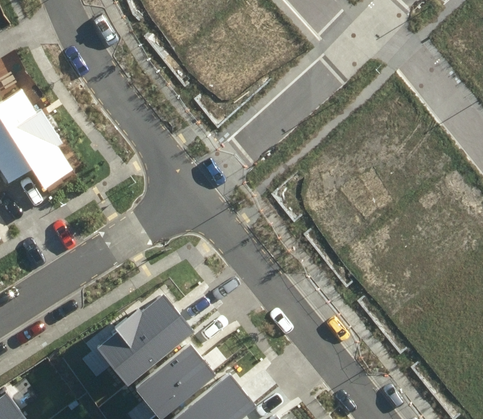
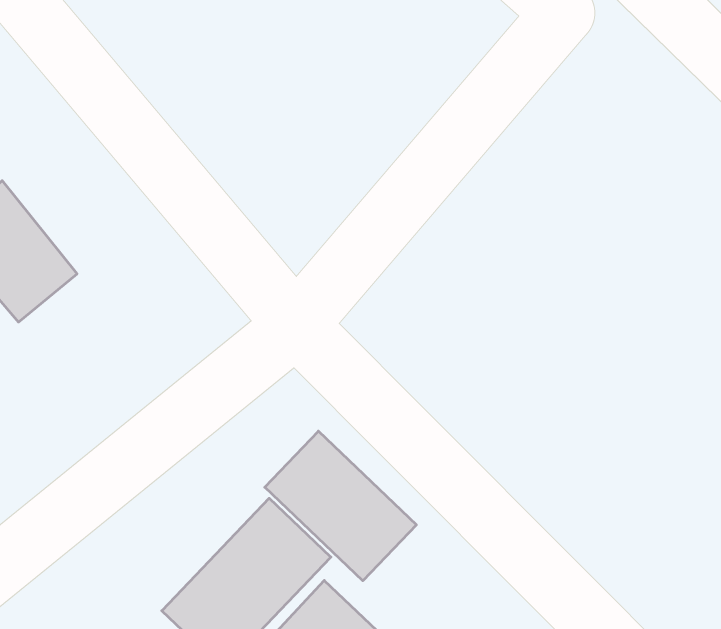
building: none -> [265,431,416,581]

